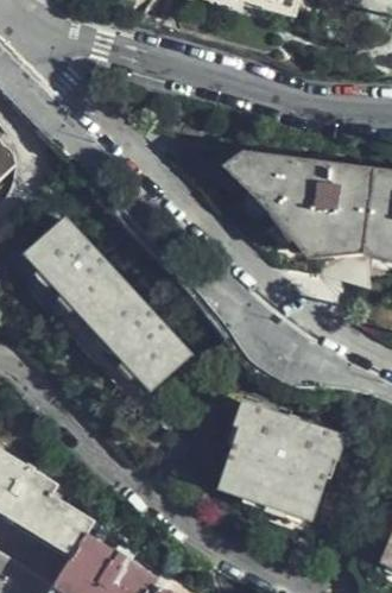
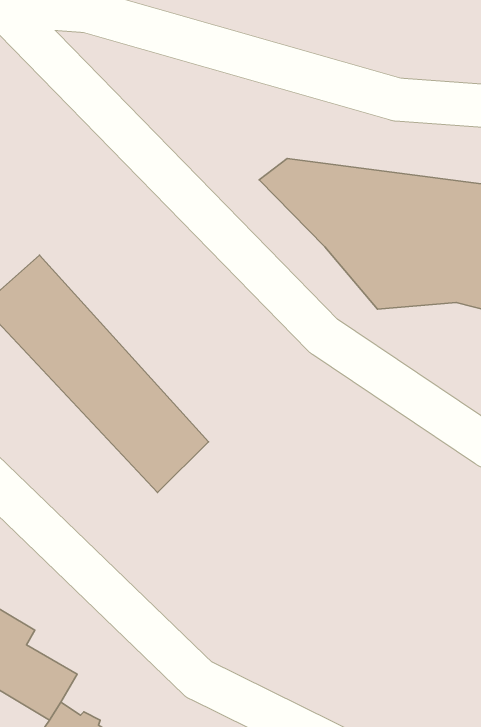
building: [220,398,349,519] -> none

